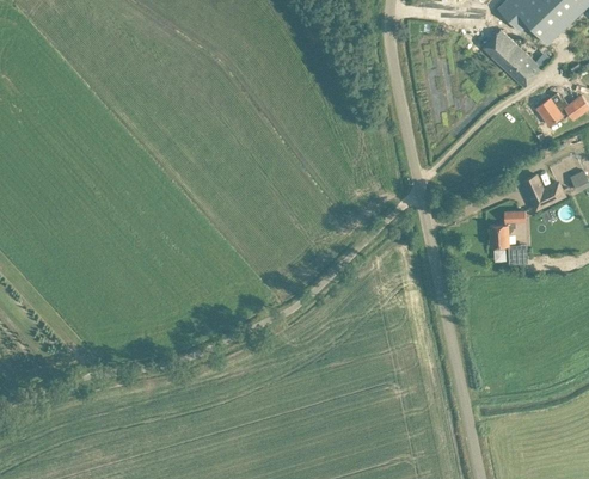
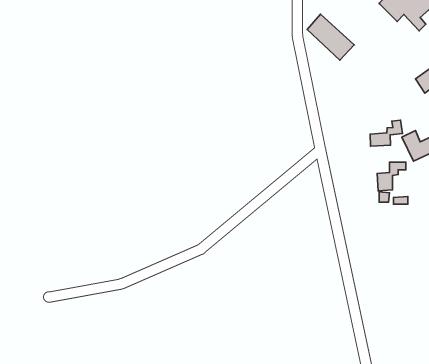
building: [485,29,544,86] -> [307,14,354,60]
building: none -> [370,120,402,146]

